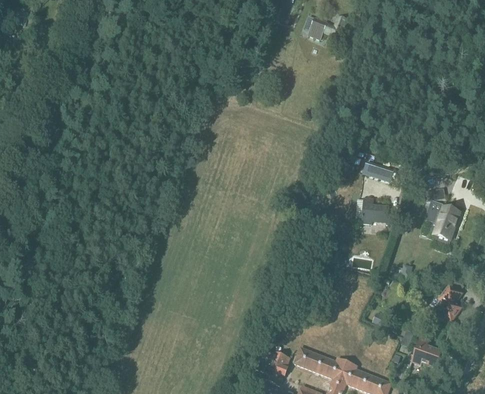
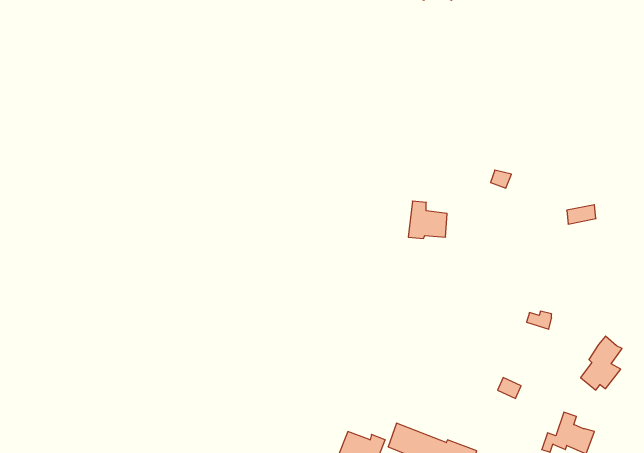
building: [361,196,389,223] -> [408,201,447,238]
building: [433,206,460,239] -> none

